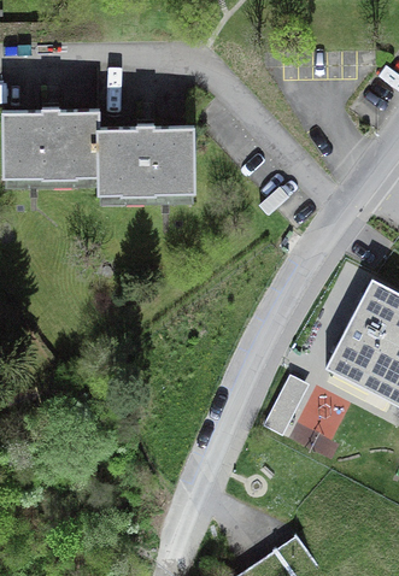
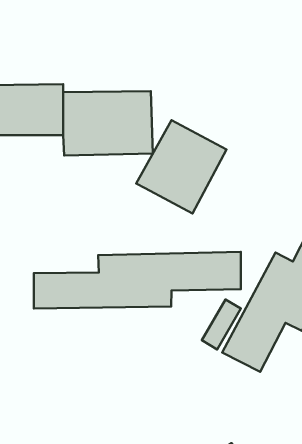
building: none -> [136,120,227,213]
building: none -> [34,252,241,308]

